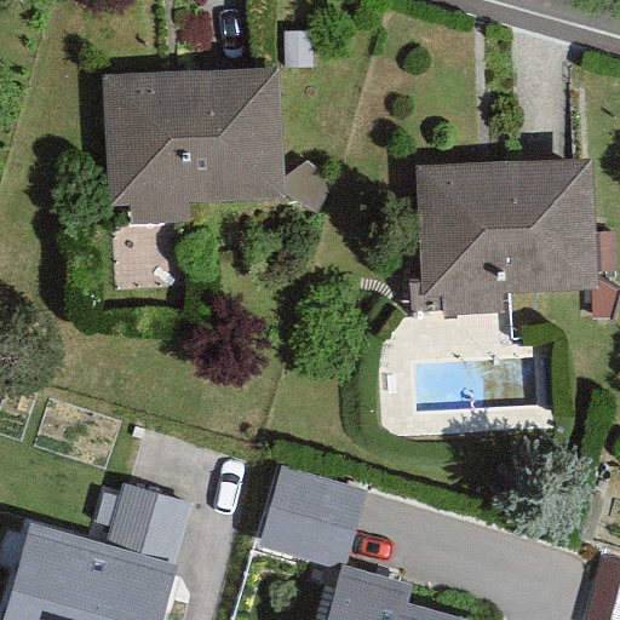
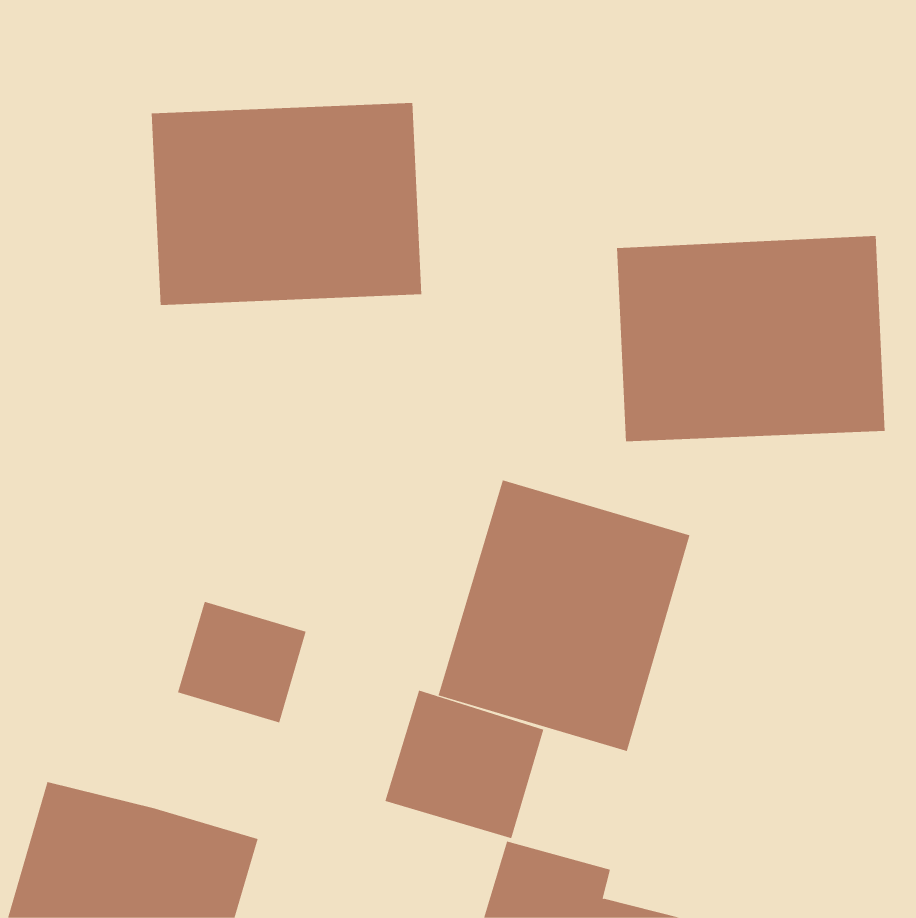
building: none -> [438,479,690,752]
building: [105,483,193,566] -> [177,601,307,723]

